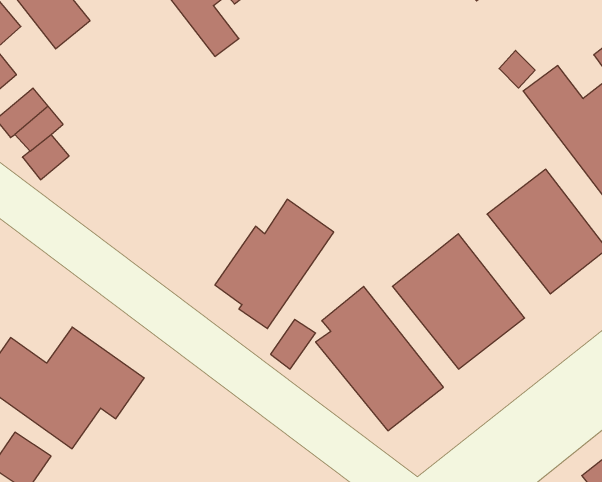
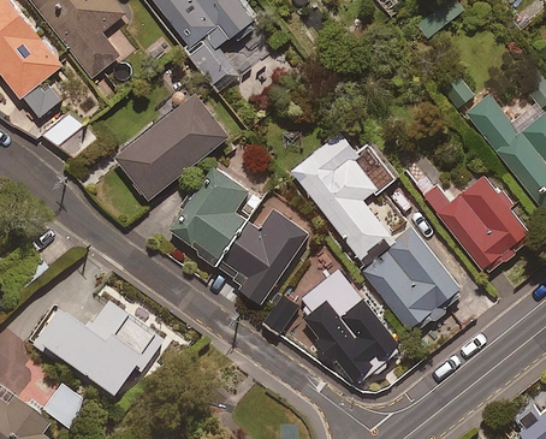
building: none -> [113,90,229,198]
building: none -> [291,130,396,262]
building: none -> [172,164,248,263]

